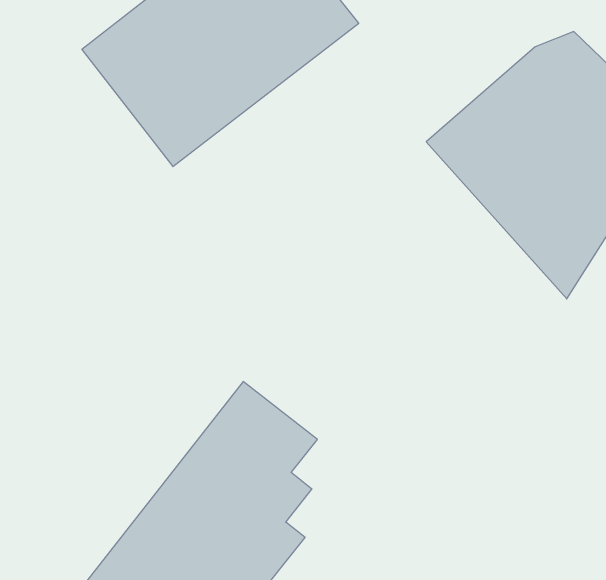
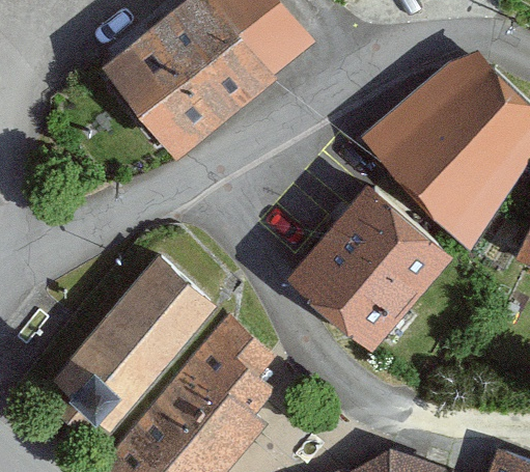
building: none -> [280,182,448,351]
building: none -> [51,257,215,429]

